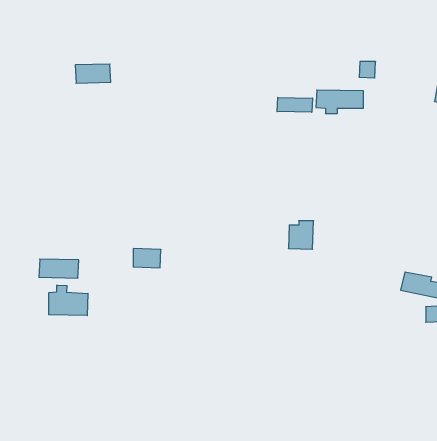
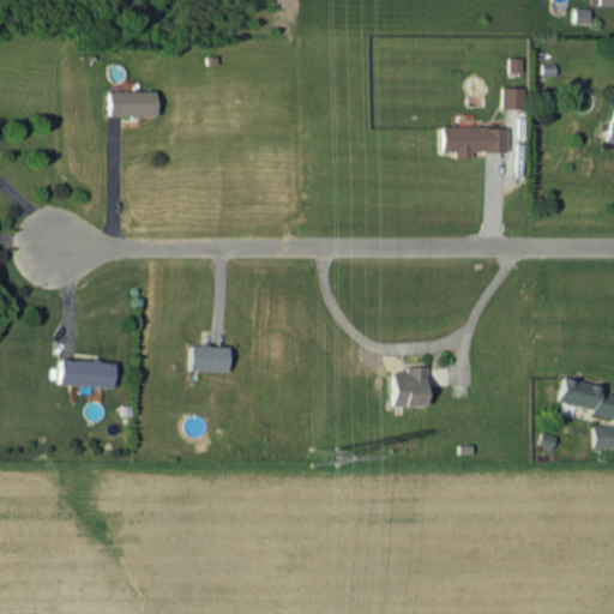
building: [277,97,312,112] -> none
building: [288,221,314,249] -> [395,367,429,407]
building: [49,285,88,316] -> none

